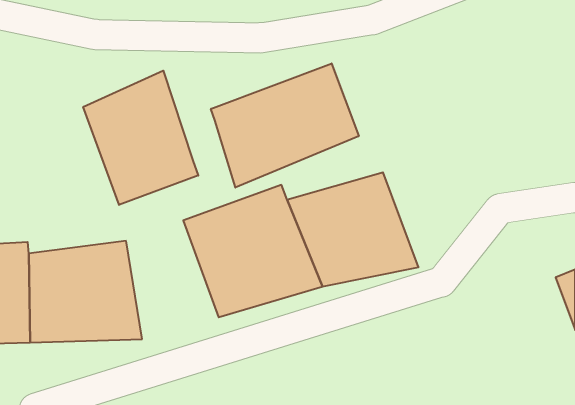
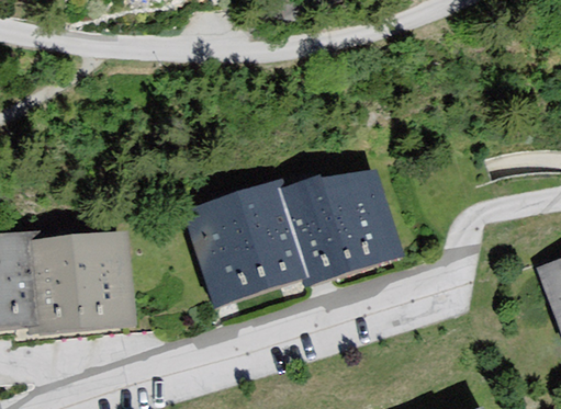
building: [211,63,359,188] -> none
building: [83,71,198,205] -> none

